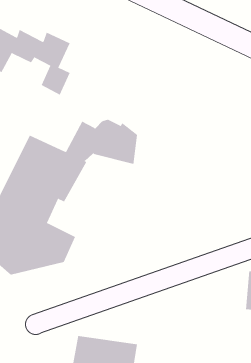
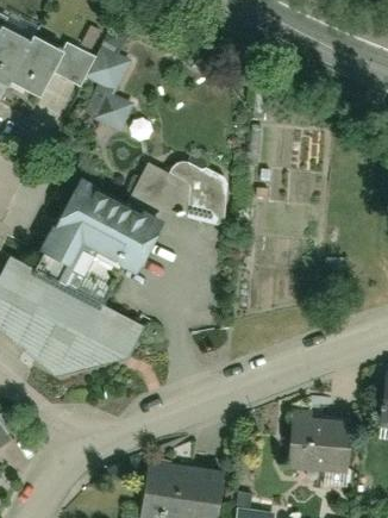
building: none -> [284,412,355,472]

